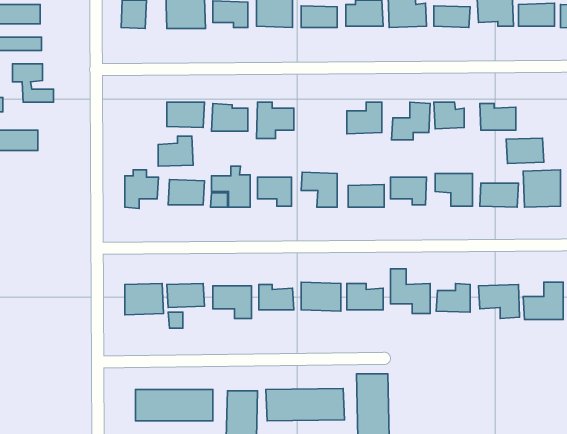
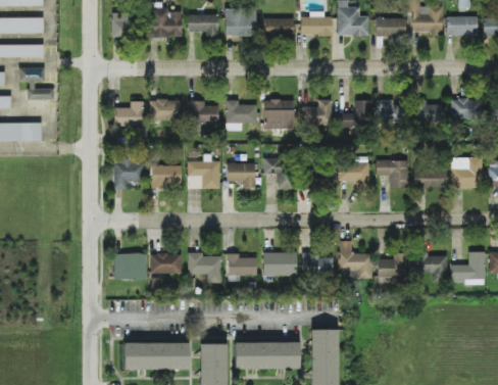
building: none -> [264,100,294,130]
building: [158,136,193,166] -> [114,101,144,127]
building: [506,138,544,163] -> [451,99,483,121]

